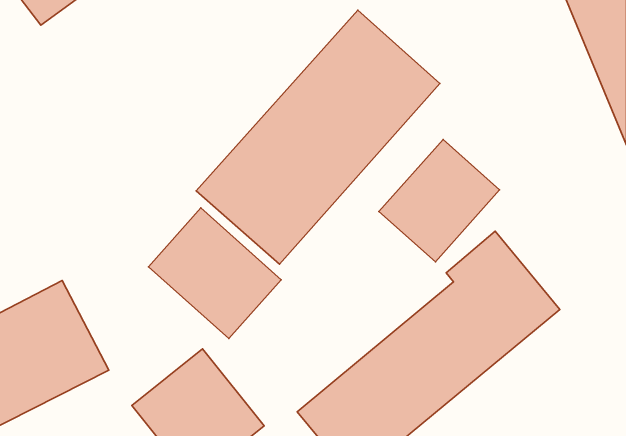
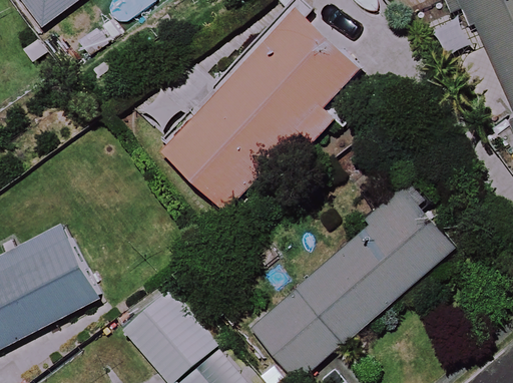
building: [379,139,499,262] -> none
building: [149,208,281,338] -> none

